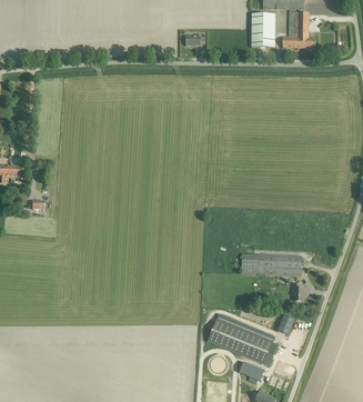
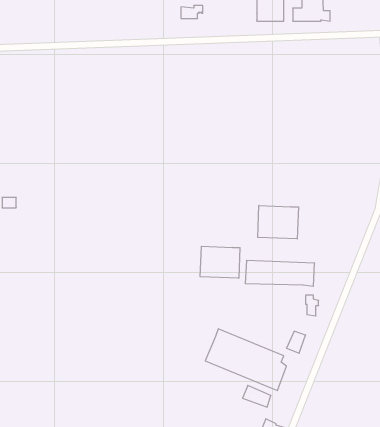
building: none -> [258,205,298,239]
building: none -> [200,246,240,278]

